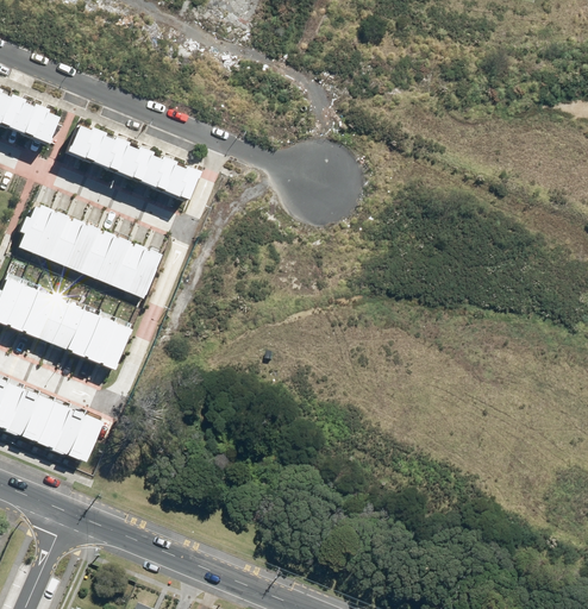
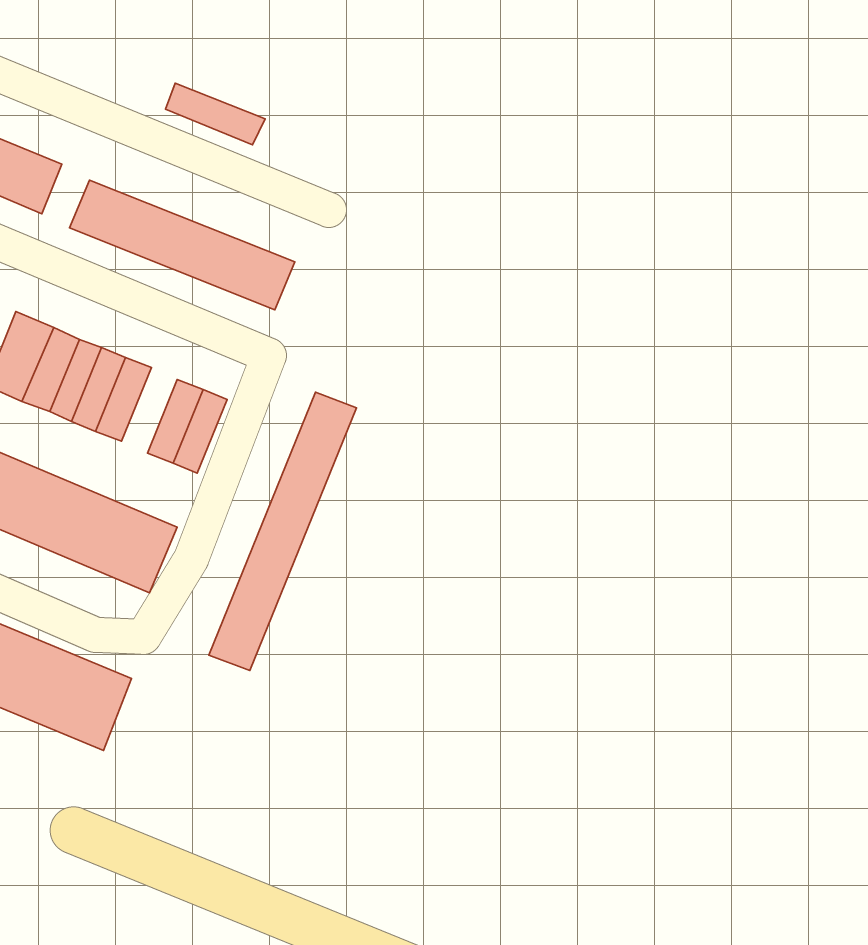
building: none -> [166,83,265,145]
building: [96,234,130,285] -> none
building: none -> [209,392,356,671]

